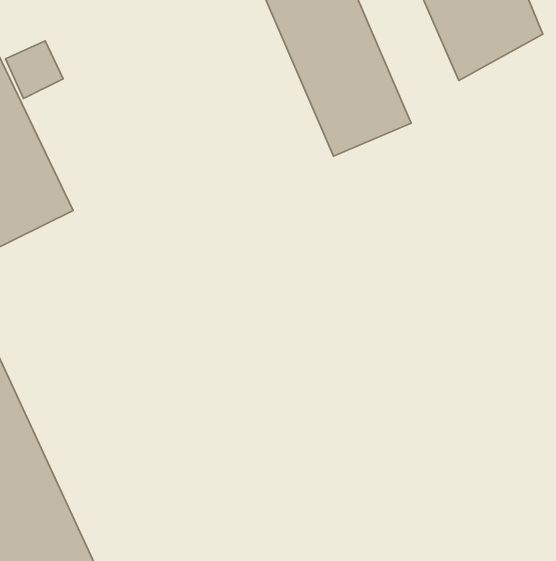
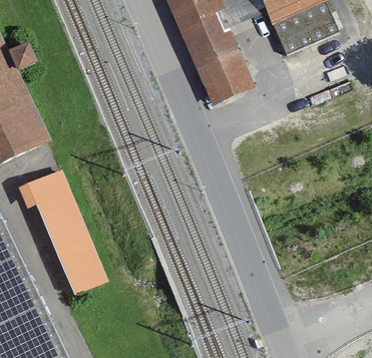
building: none -> [17,168,106,295]

